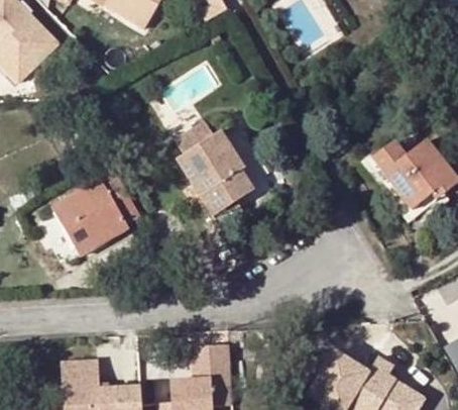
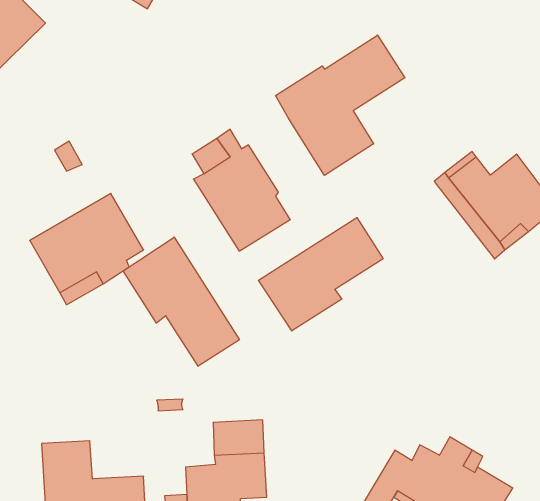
building: none -> [276,35,405,175]
building: none -> [258,218,383,331]
building: none -> [123,237,239,366]

